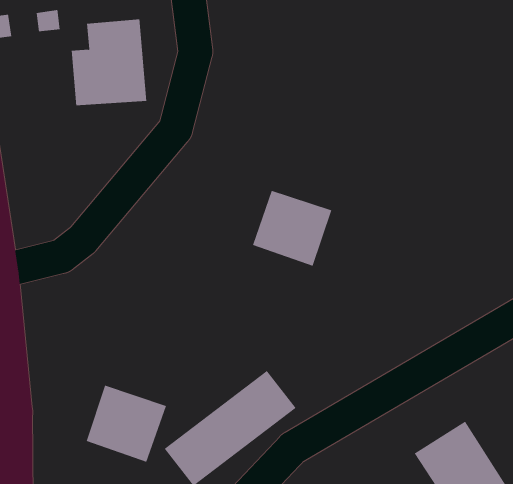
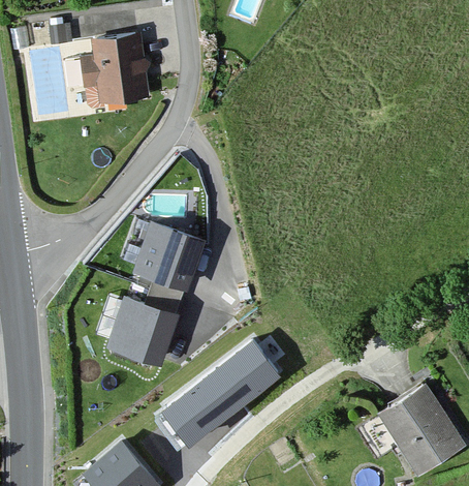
building: [252,190,332,266] -> [132,222,202,290]
building: [86,385,167,462] -> [106,296,178,364]

